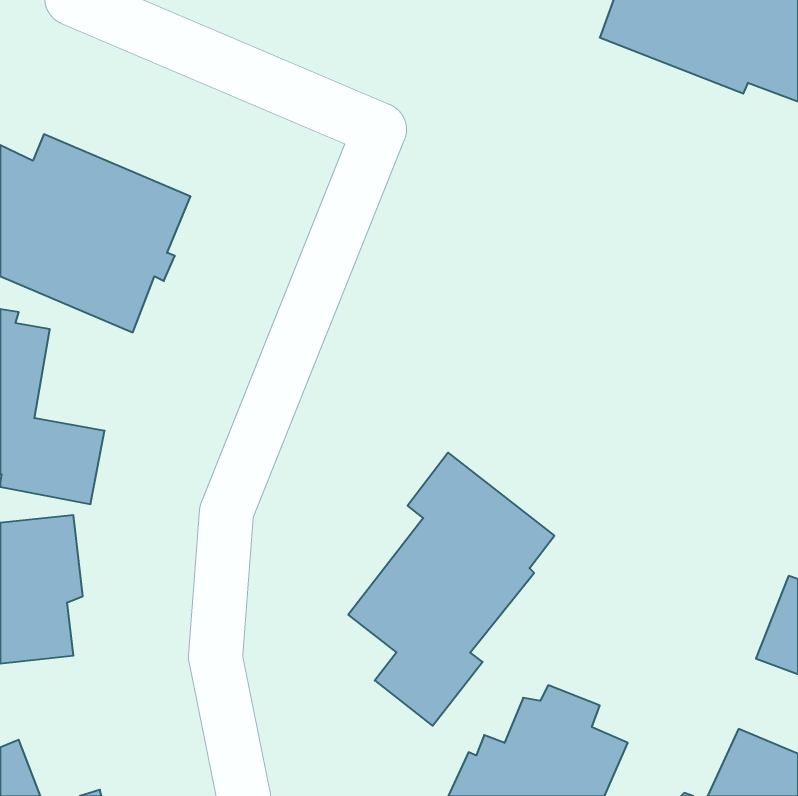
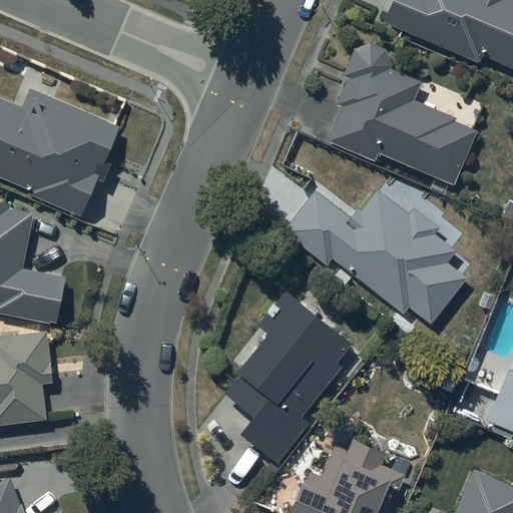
building: none -> [327,45,477,186]
building: none -> [285,190,466,326]

